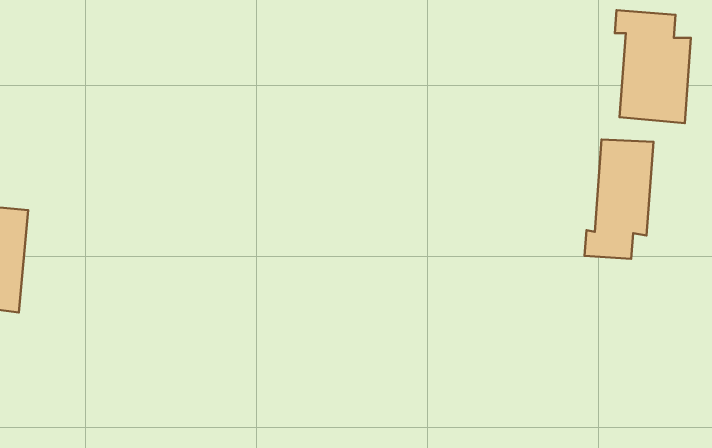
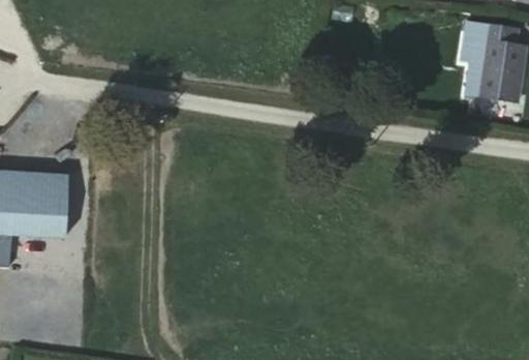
building: [584,140,653,259] -> none

